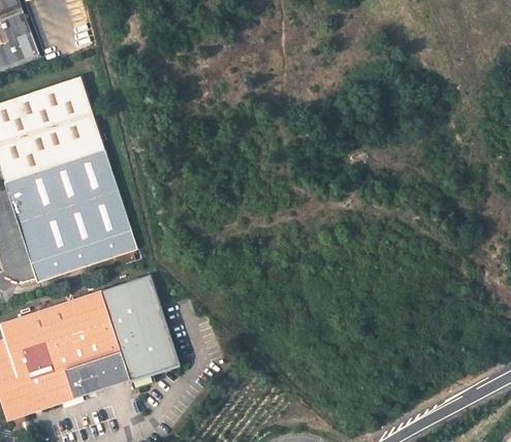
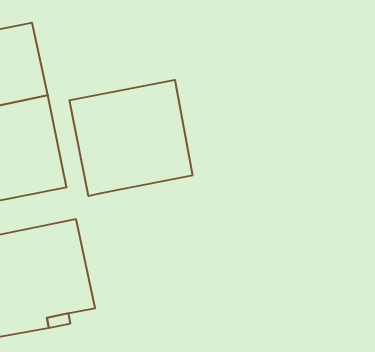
building: none -> [70,80,192,196]

